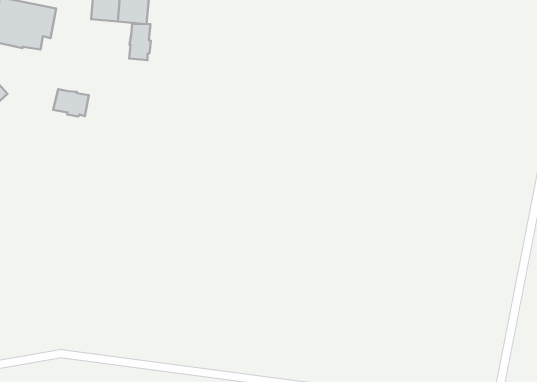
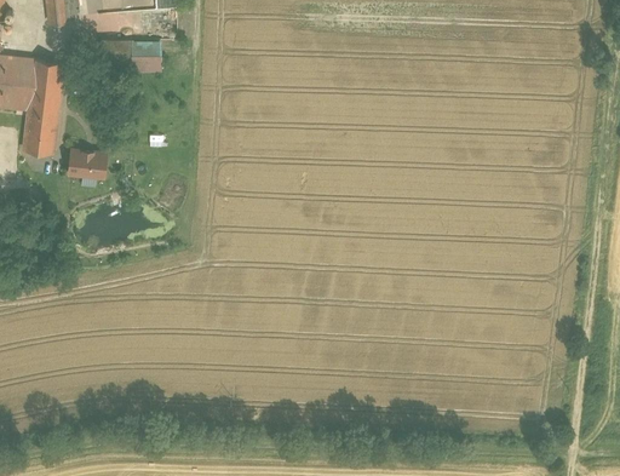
building: [129,24,151,60] -> none
building: none -> [24,96,58,155]

